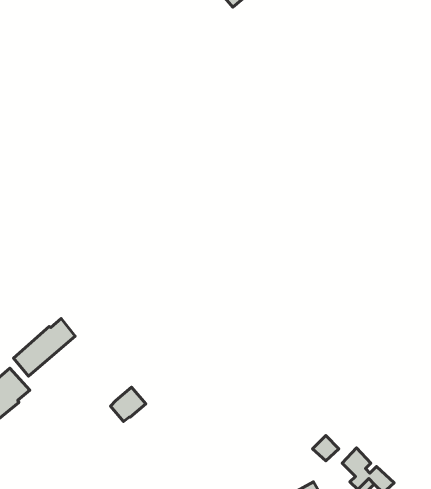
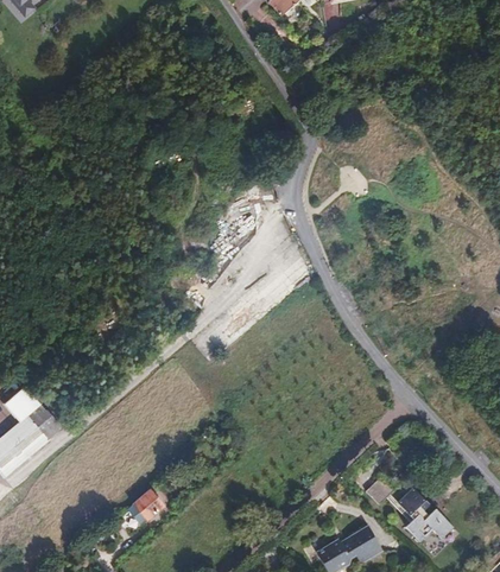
building: [13,318,75,376] -> none
building: [110,387,146,422] -> [125,487,163,523]

